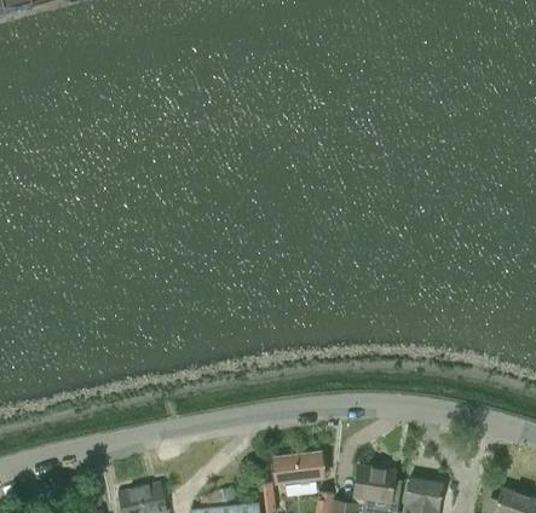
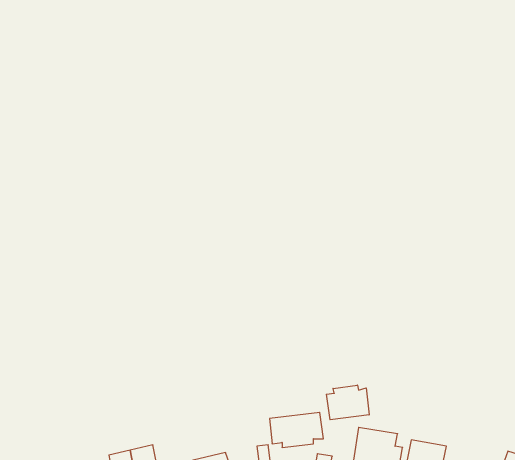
building: none -> [326,385,369,420]

